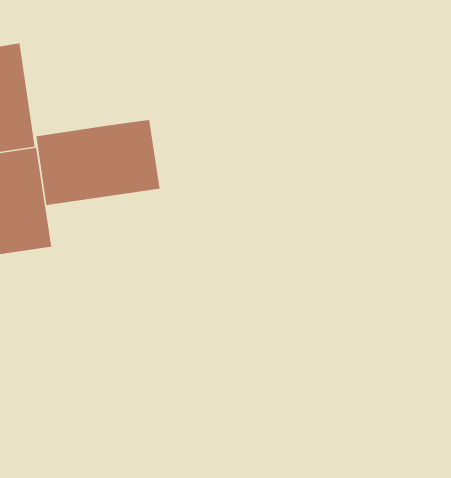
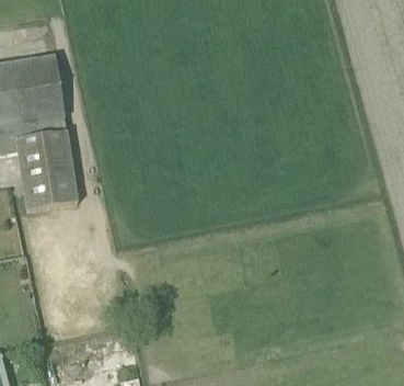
building: [35,119,160,206] -> none

